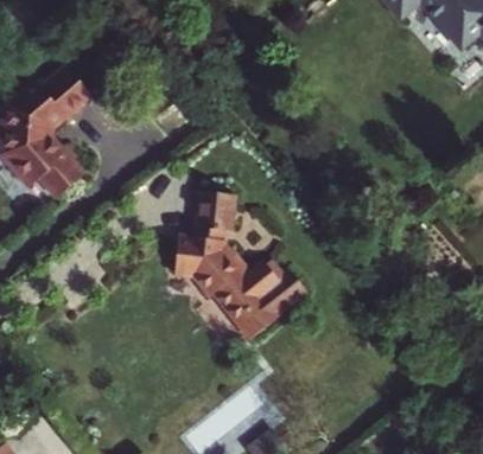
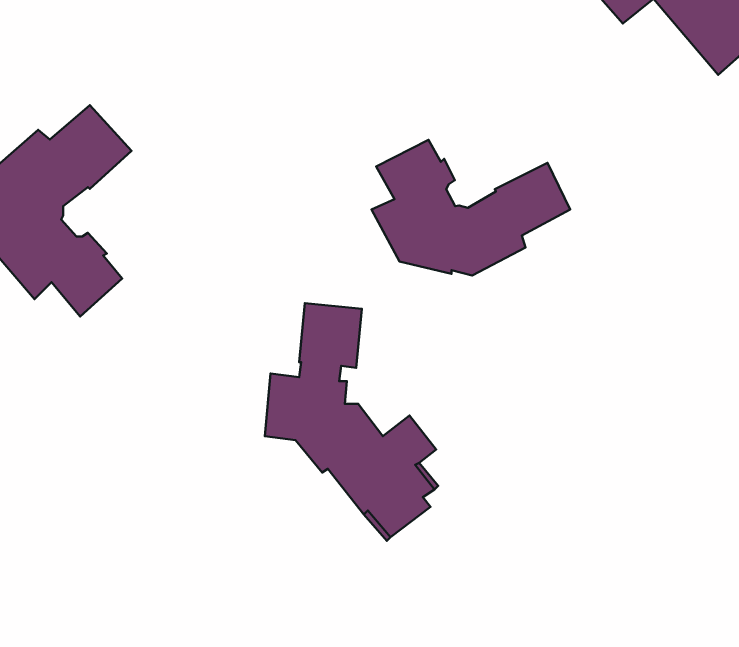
building: none -> [371,140,570,276]

